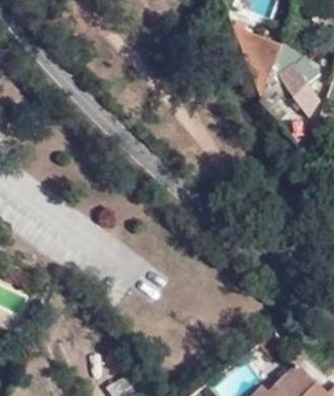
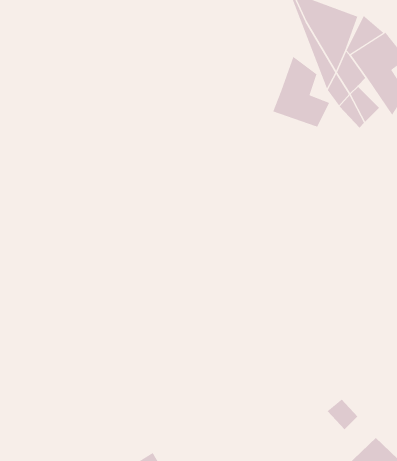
building: none -> [272,56,330,128]

